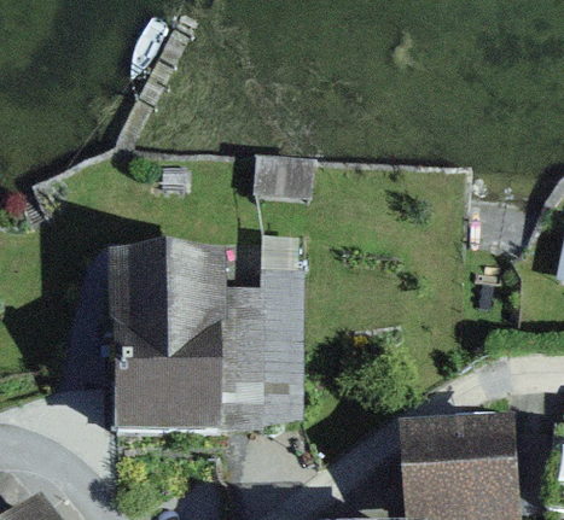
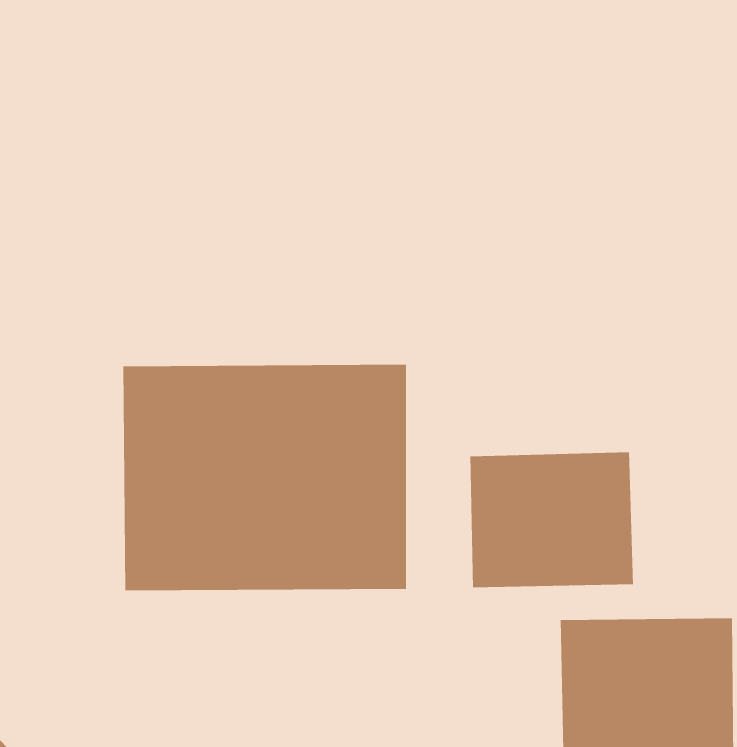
building: none -> [470,451,634,588]

